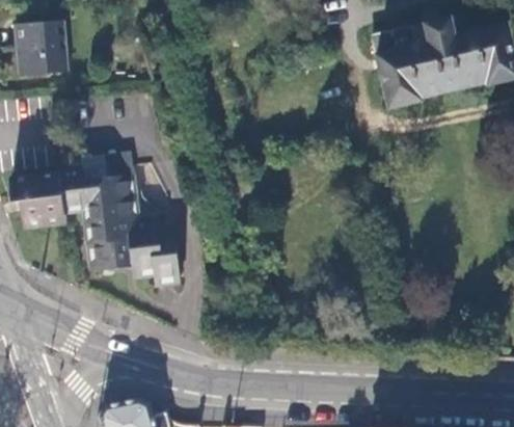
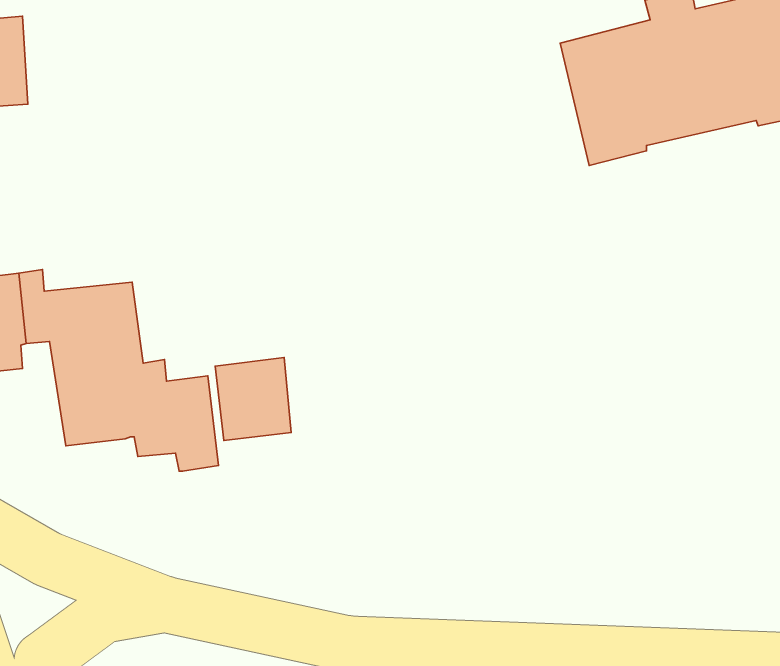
building: [75,155,130,182] -> none
building: none -> [215,358,291,441]

